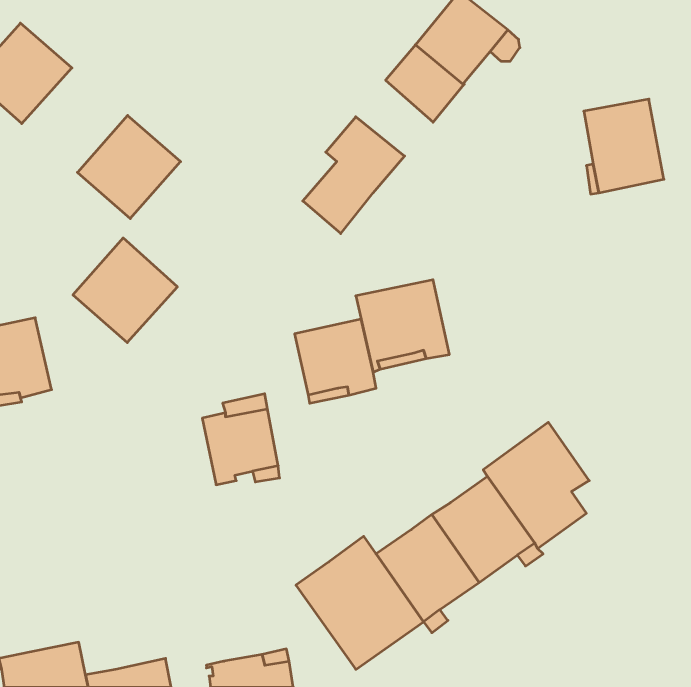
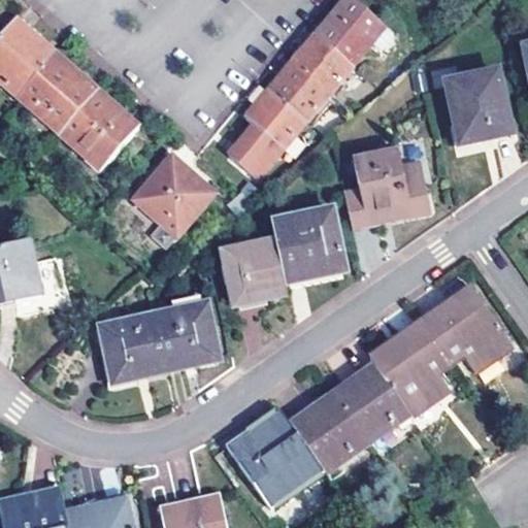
building: none -> [16,52,97,131]
building: none -> [270,61,329,119]
building: none -> [342,152,428,226]
building: [73,238,177,343] -> [135,154,214,233]
building: none -> [417,286,509,371]
building: none -> [103,317,164,377]

